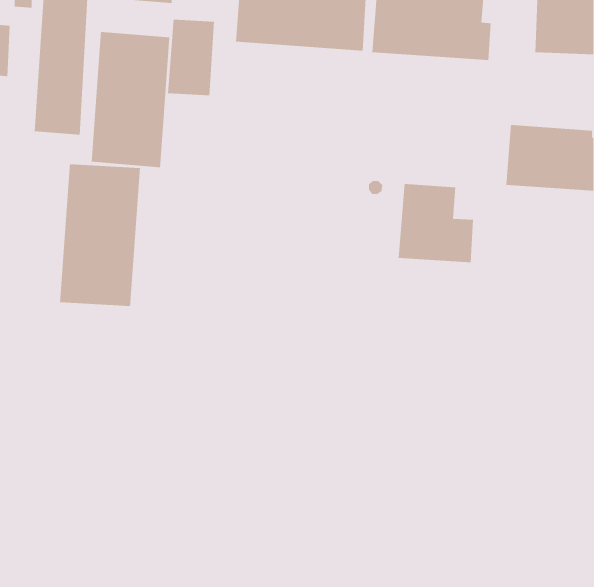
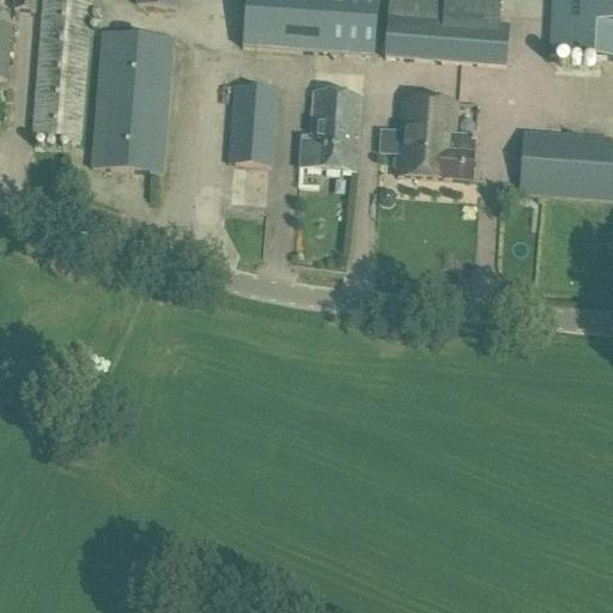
building: [167,19,215,96] -> [227,83,277,162]
building: none -> [299,87,360,168]
building: [59,163,140,307] -> none
building: [398,184,474,263] -> [396,96,474,177]

